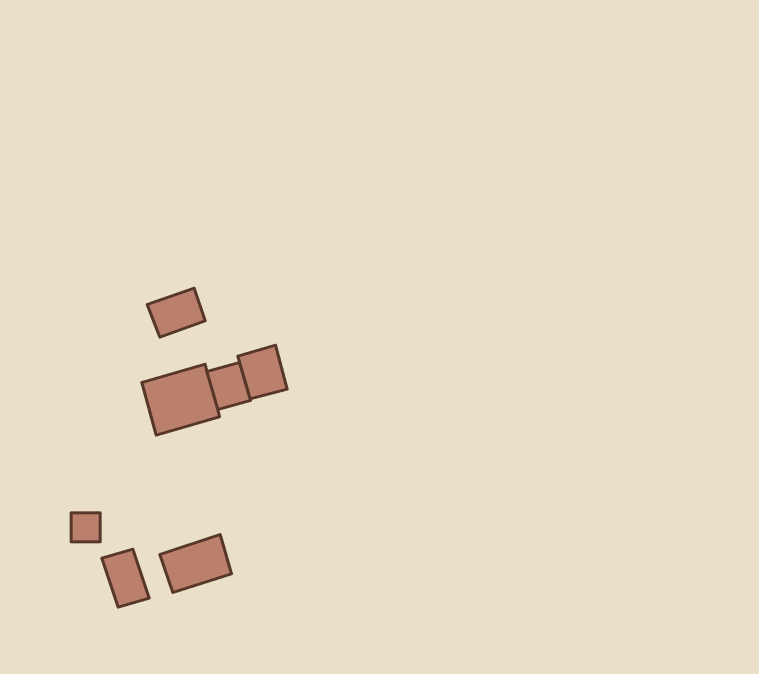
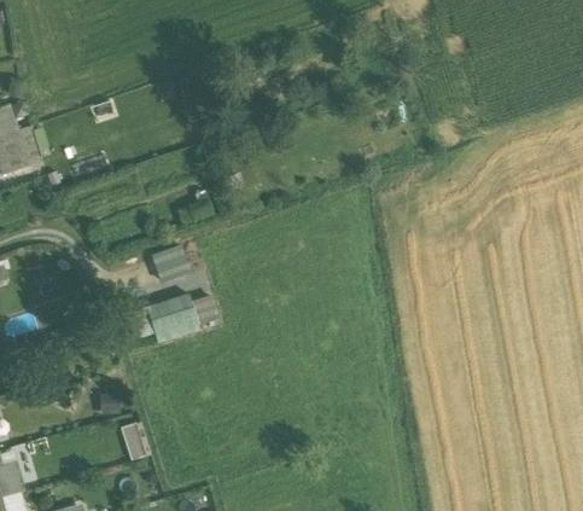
building: [238,345,287,399] -> none
building: [160,534,231,592] -> none

